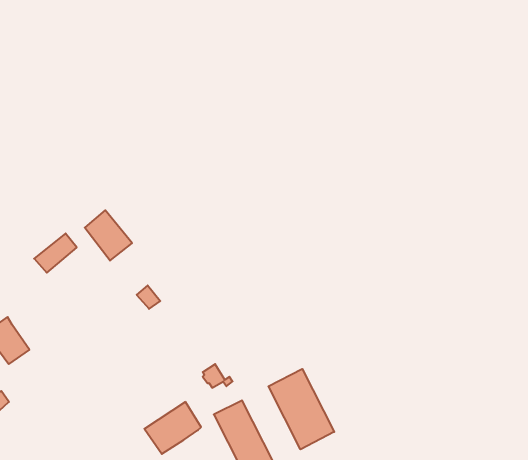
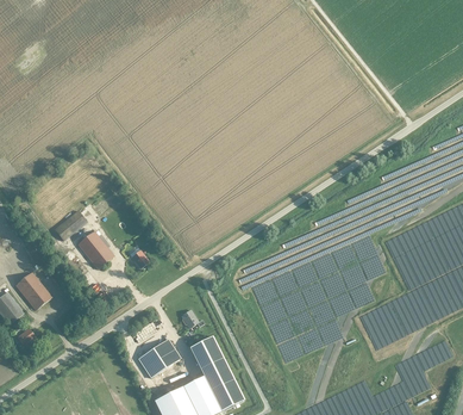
building: [85,210,132,261] -> [77,230,113,268]
building: [268,369,334,449] -> none

